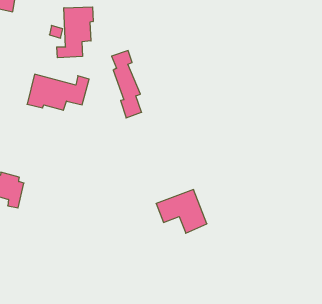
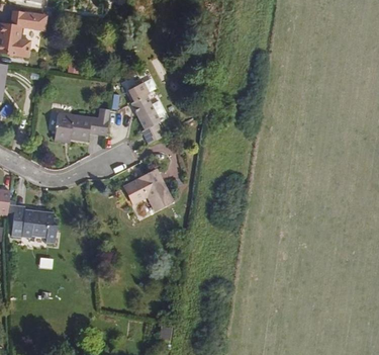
building: [57,7,93,58] -> none
building: [156,190,207,233] -> [128,167,179,209]

